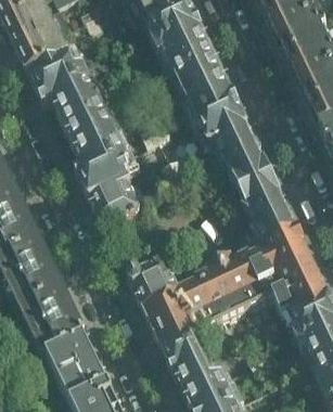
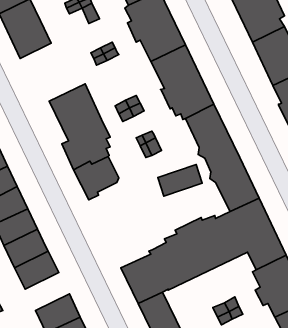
building: [29,52,102,118] -> none
building: none -> [158,165,202,196]
building: [125,256,178,305] -> none
building: [35,310,85,352] -> none

